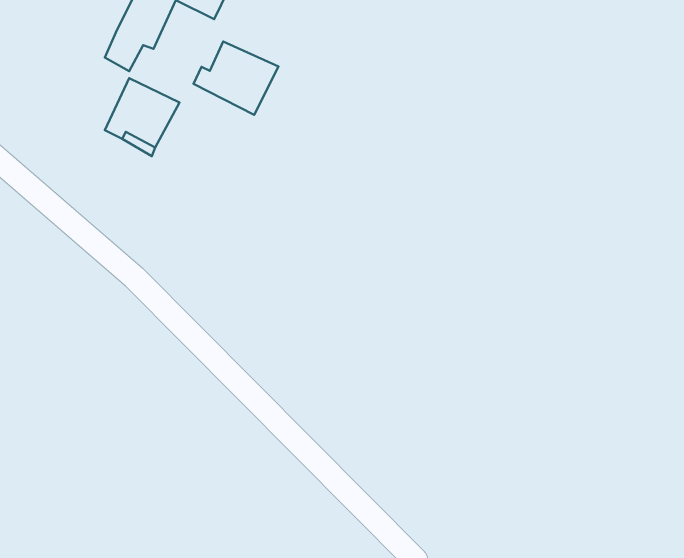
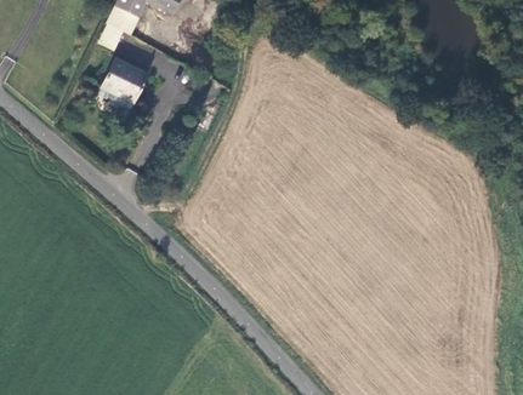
building: [194,41,278,115] -> none

